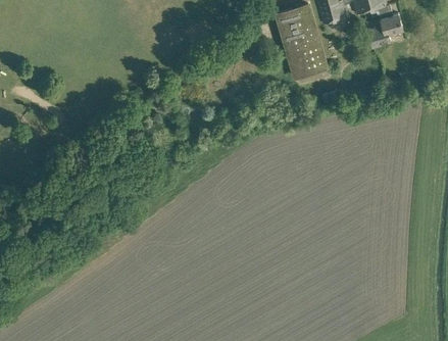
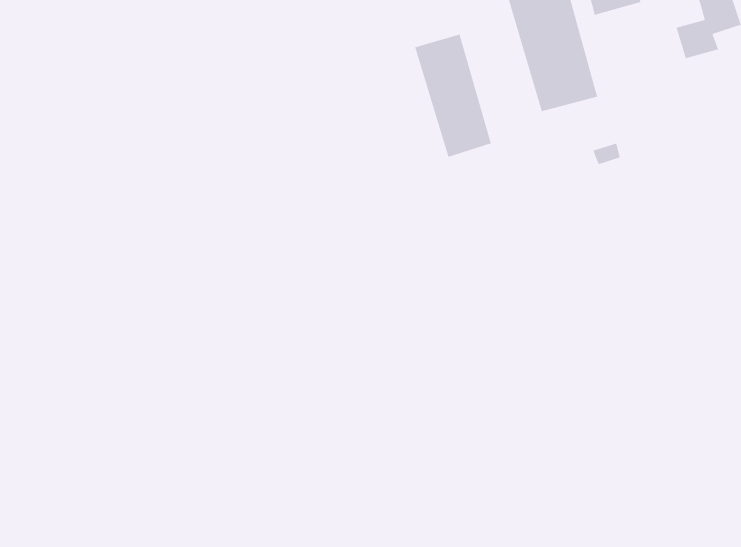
building: none -> [414,34,492,158]

